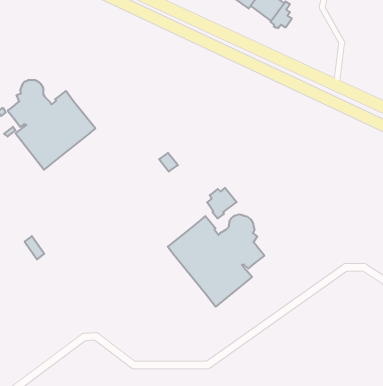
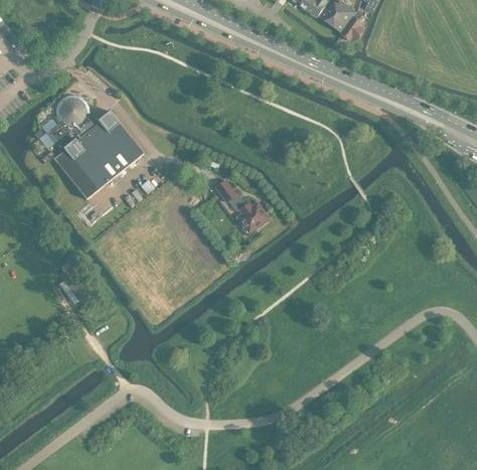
building: [207,188,237,218] -> [235,200,269,234]
building: [168,214,264,307] -> none

